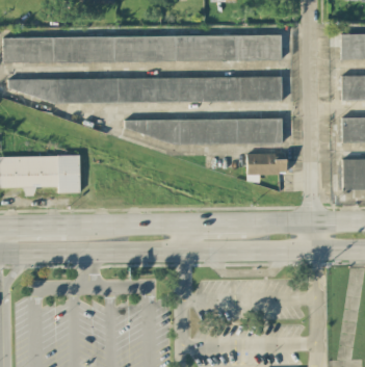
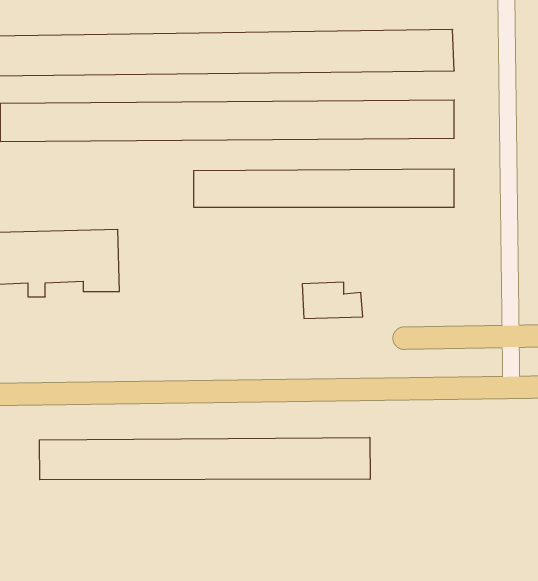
building: [251,153,287,175] -> [302,282,363,318]
building: none -> [39,437,370,480]

